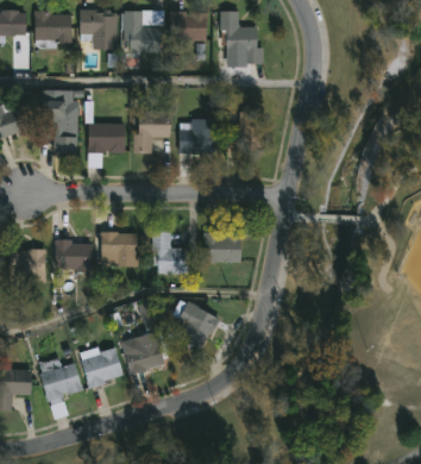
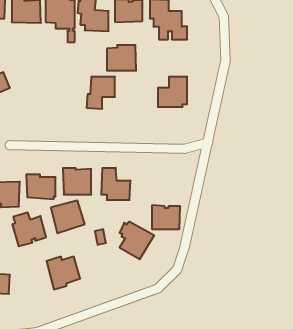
building: [38,100,76,152] -> none
building: [178,119,216,152] -> [107,45,136,71]
building: [87,121,125,152] -> none
building: [205,231,241,262] -> [152,205,180,229]
building: [121,331,165,374] -> [51,200,85,233]
building: [38,358,82,402] -> [12,212,46,246]

